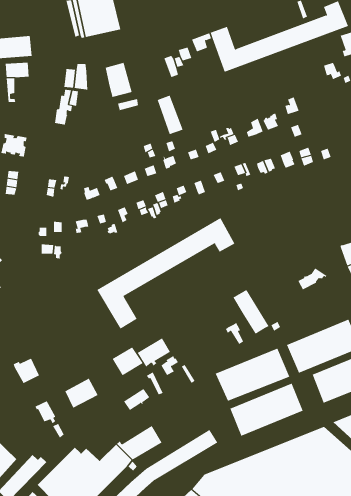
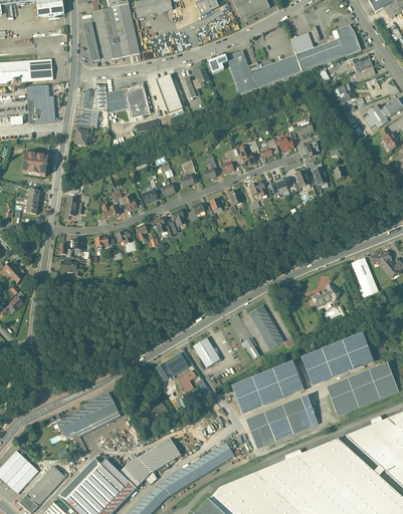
building: none -> [107,89,128,112]
building: none -> [32,98,53,123]
building: [157,95,184,135] -> [156,75,182,114]
building: [96,217,235,330] -> none
building: none -> [193,338,219,367]
building: [112,346,143,376] -> none
building: [13,358,40,384] -> [66,405,92,430]

